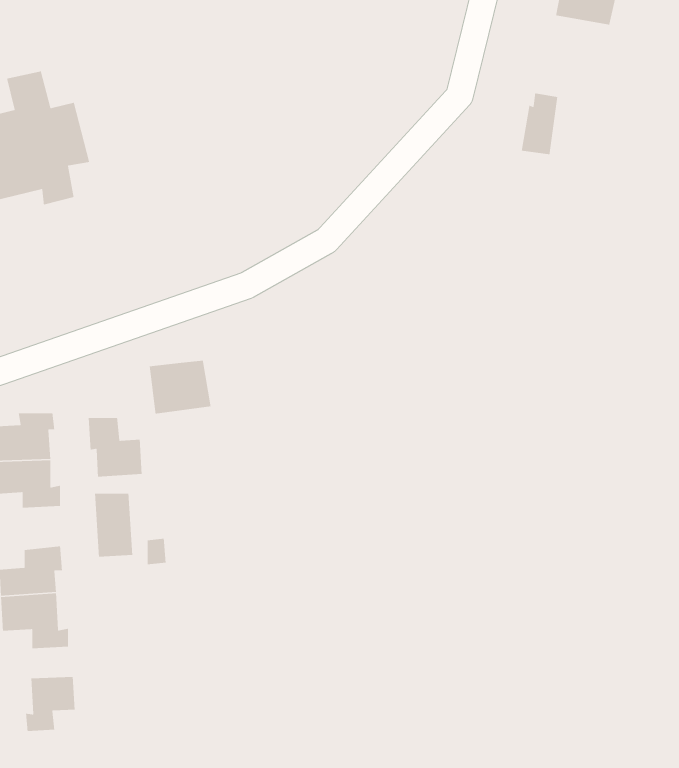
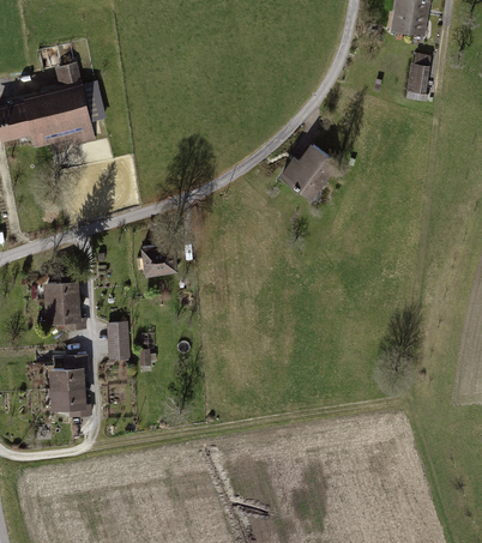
building: [521,93,558,155] -> [405,58,428,96]
building: none -> [276,143,338,204]
building: [88,417,143,477] -> none
building: [25,676,76,732] -> none

